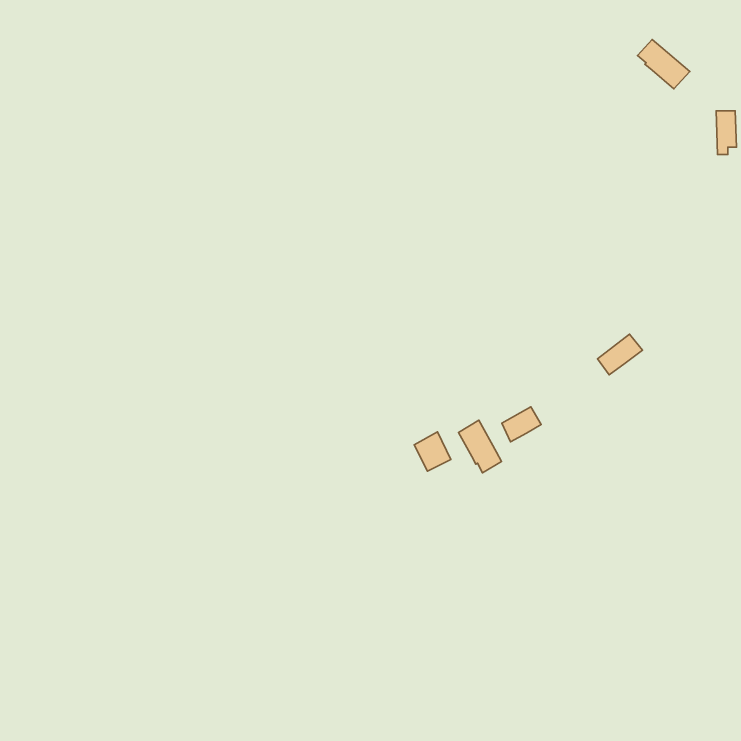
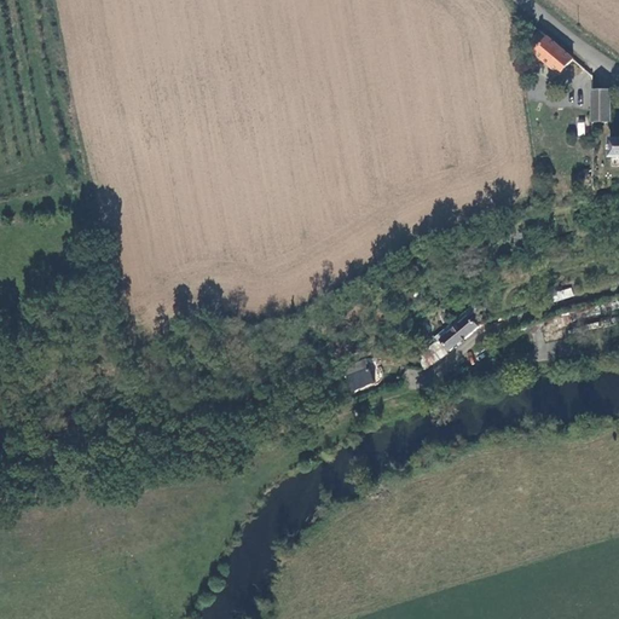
building: [597,334,643,375] -> [442,314,480,348]
building: [458,420,501,473] -> none

